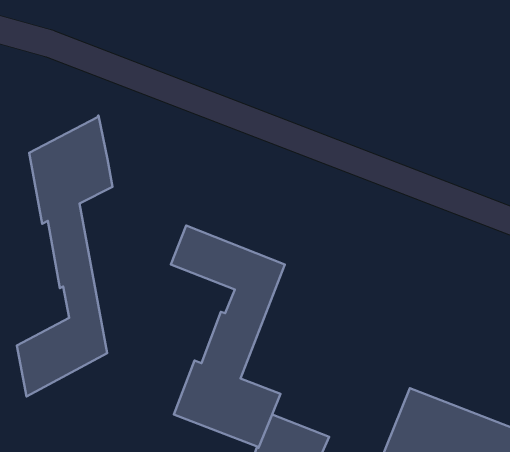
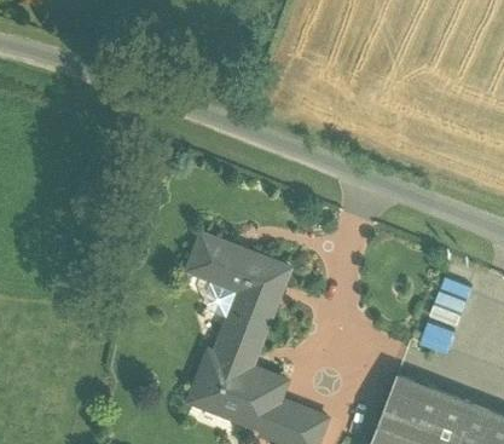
building: [17,115,113,397] -> none

